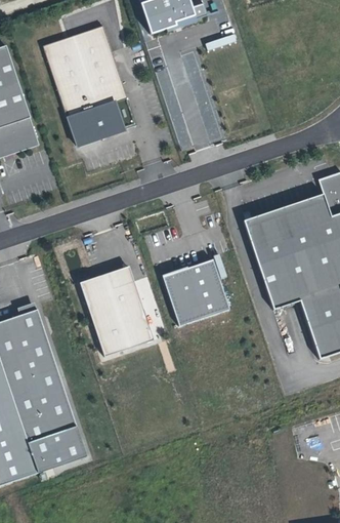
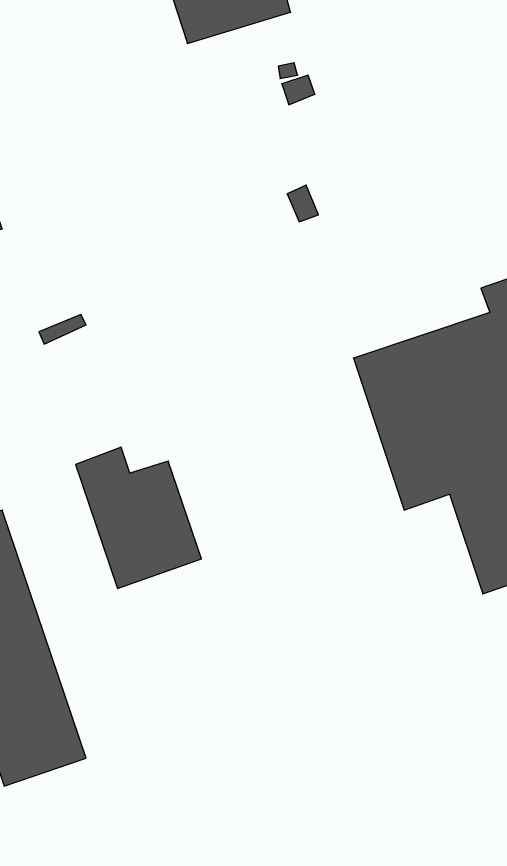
building: [41,25,135,145] -> none
building: [161,258,228,325] -> none
building: [107,265,134,287] -> none

